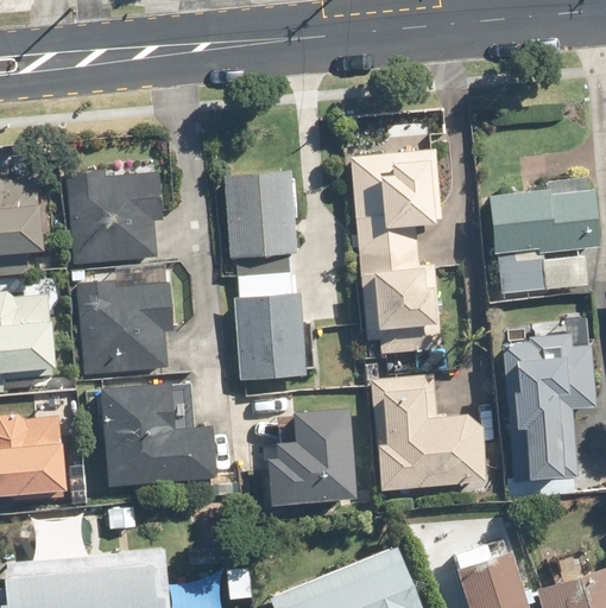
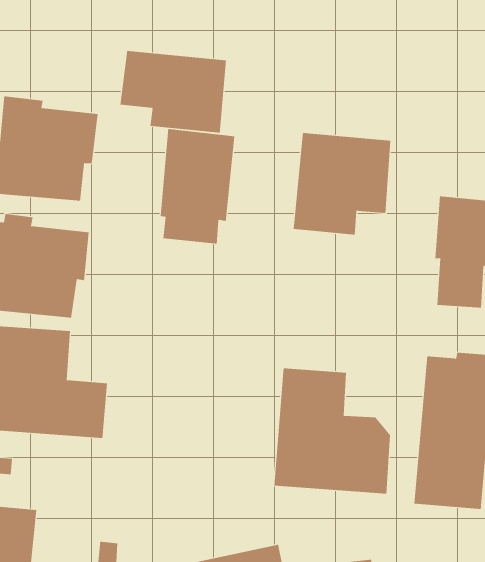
building: none -> [120,50,227,133]
building: [358,245,442,355] -> none
building: [233,276,305,381] -> none
building: [266,404,355,504] -> none

